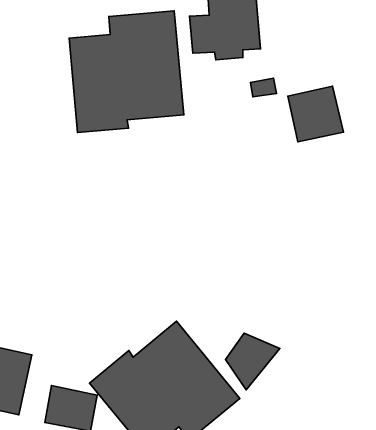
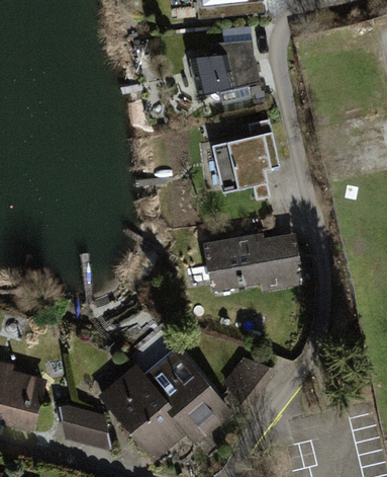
building: [69,11,184,132] -> none
building: [288,86,343,142] -> [228,138,280,189]
building: none -> [204,228,301,290]

